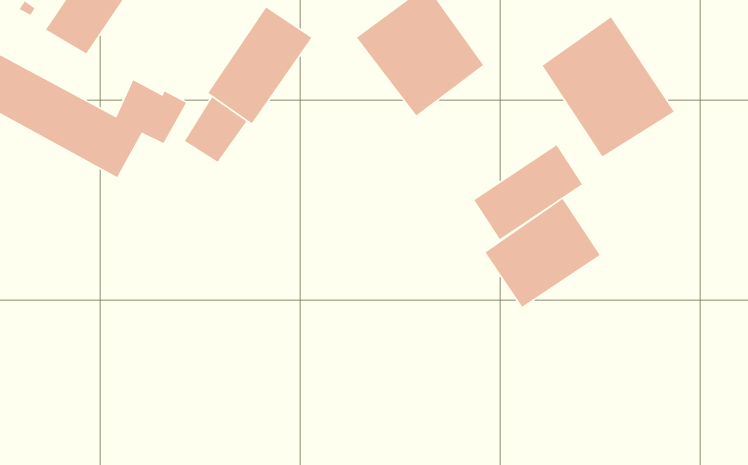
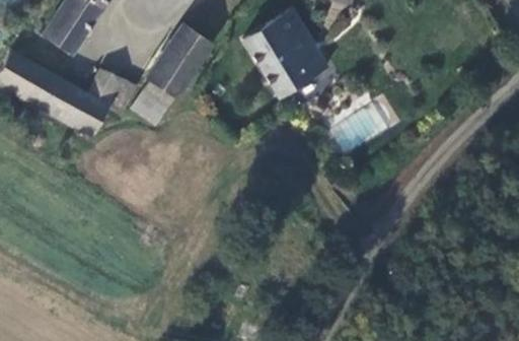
building: [541,16,675,158] -> none
building: [484,198,601,308] -> none

